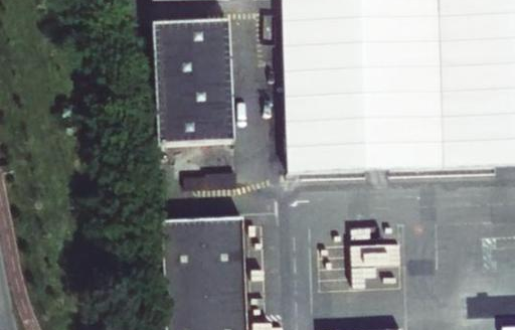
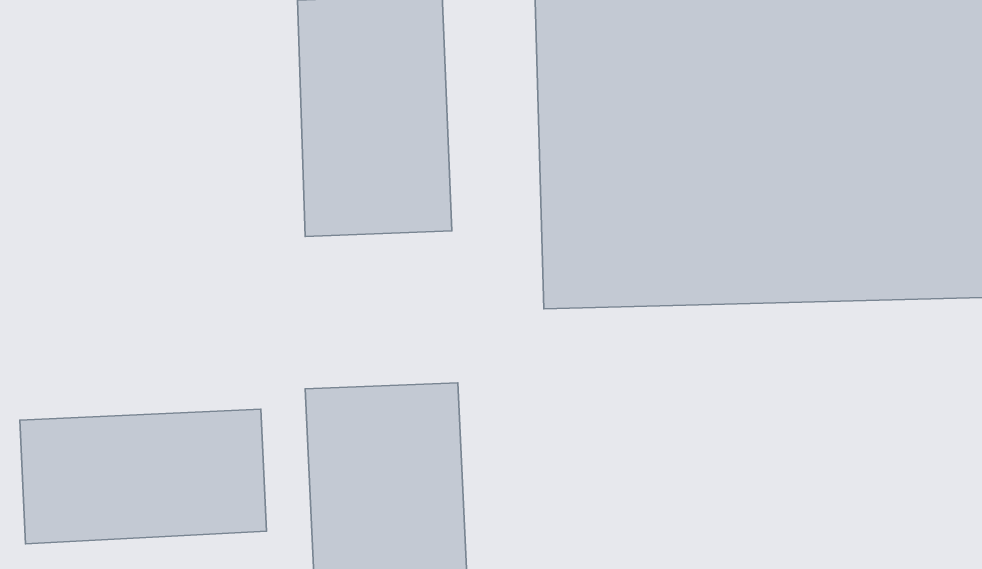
building: none -> [20,409,266,544]

